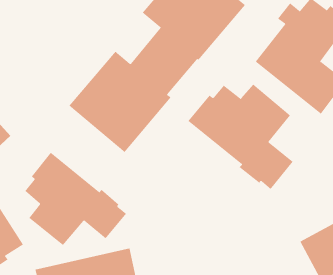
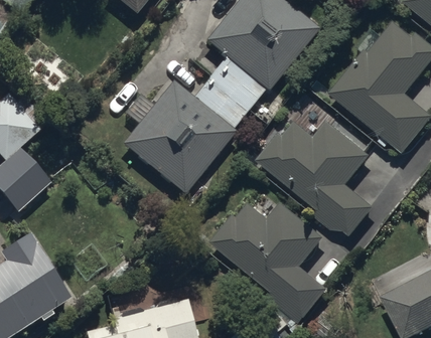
building: [24,152,127,246] -> none
building: none -> [210,199,331,321]

